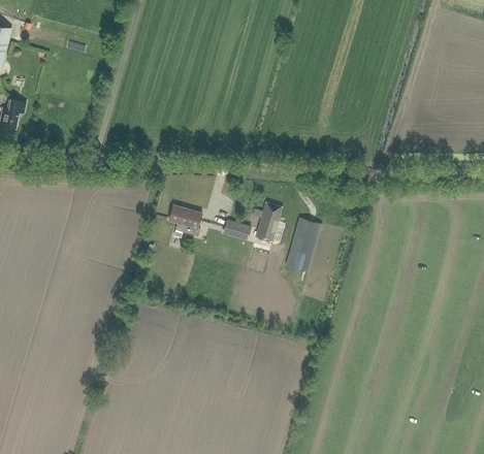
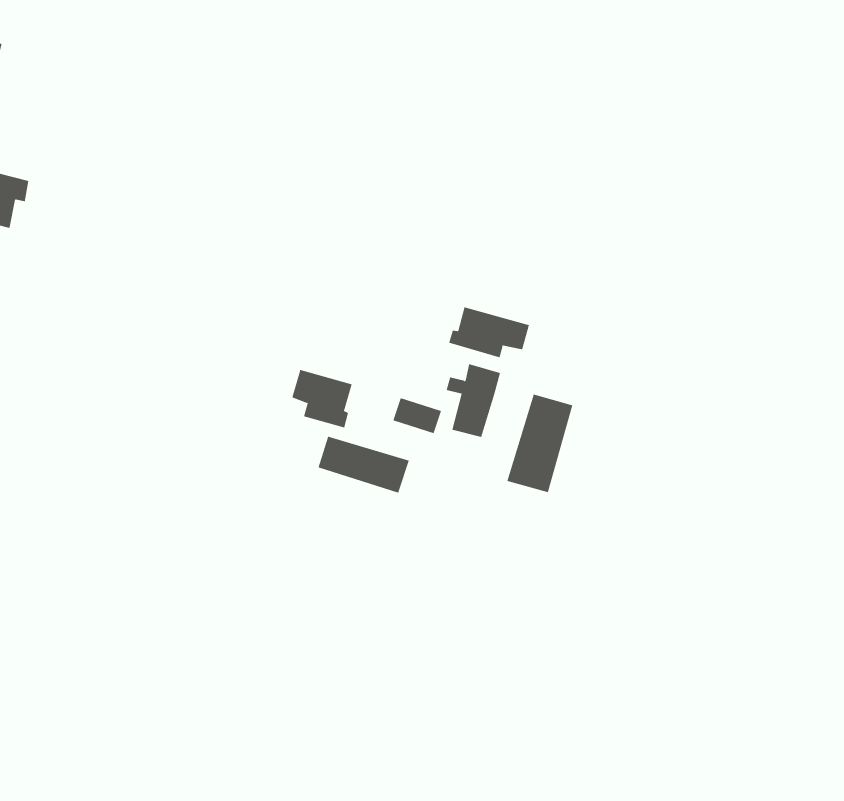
building: none -> [448,307,530,358]
building: none -> [318,436,409,493]

